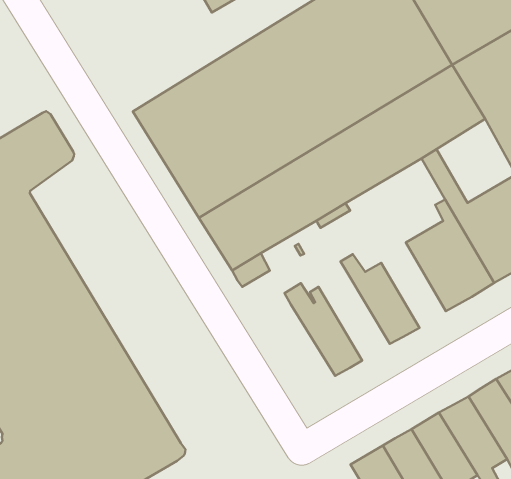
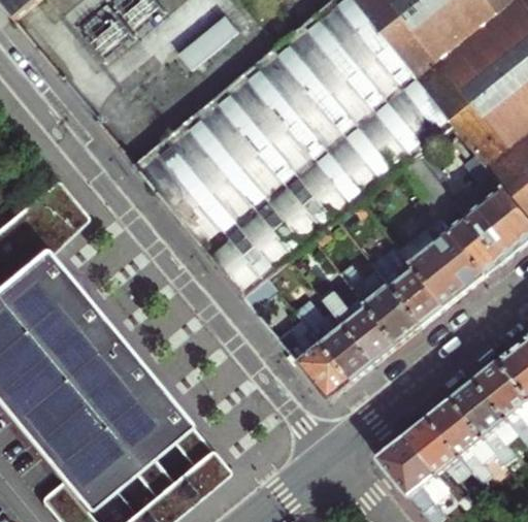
building: none -> [373,240,446,321]
building: none -> [316,273,399,358]
building: none -> [280,317,354,395]

